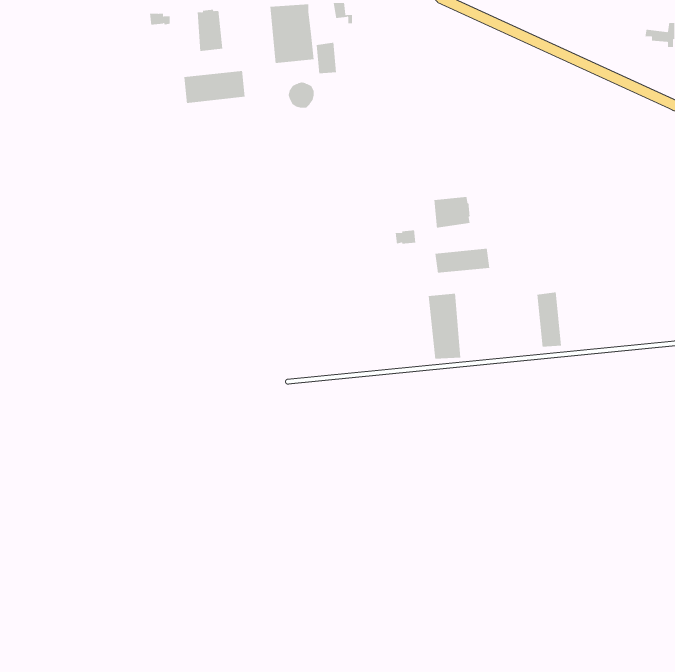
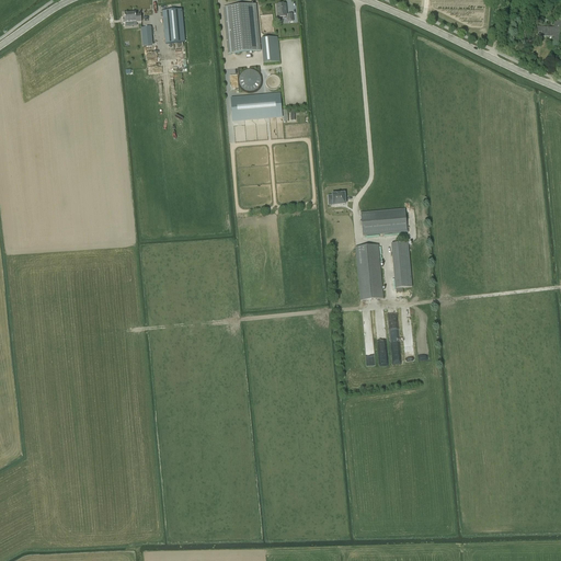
building: [183,70,246,103] -> [230,91,282,118]
building: [434,196,470,229] -> none
building: [537,292,562,347] -> [391,240,412,286]

